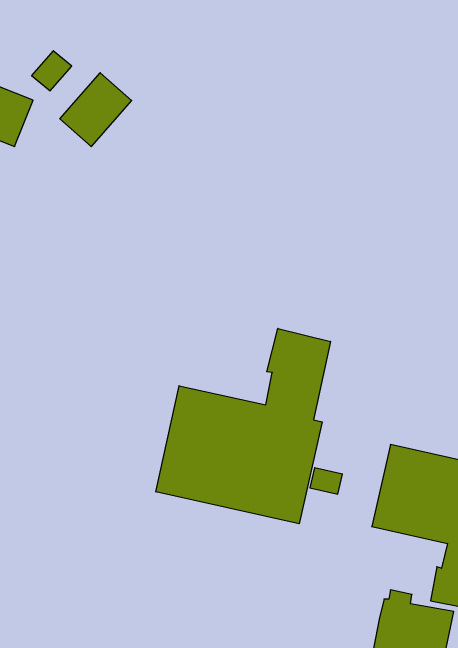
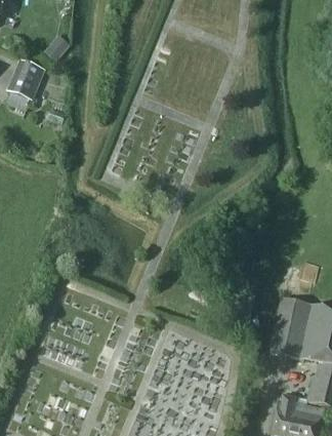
building: [60,73,132,147] -> none
building: [156,328,330,524] -> none

